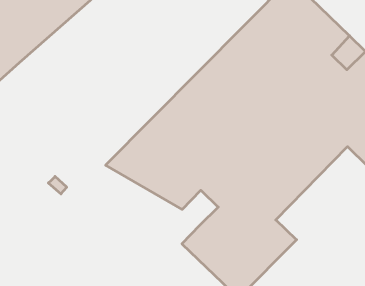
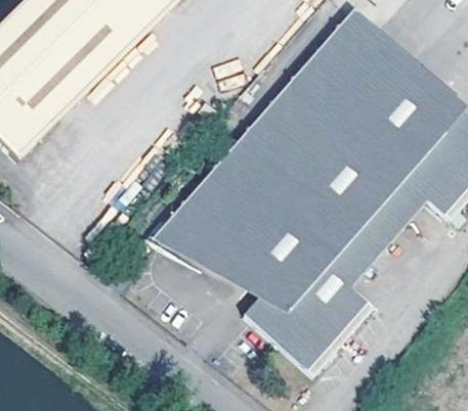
building: none -> [245,257,286,296]

